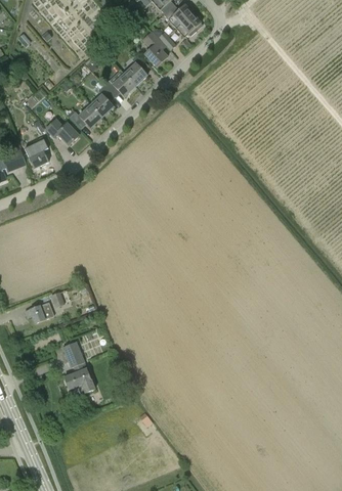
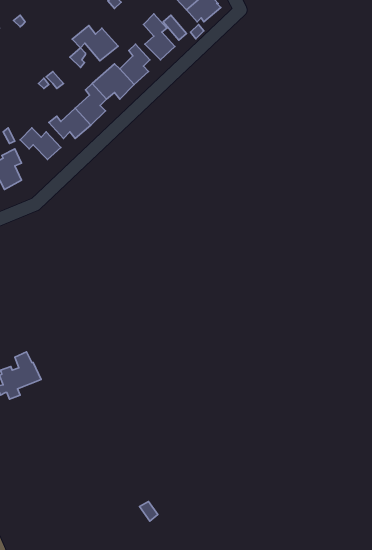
building: none -> [72,25,118,61]
building: [62,343,93,395] -> none

